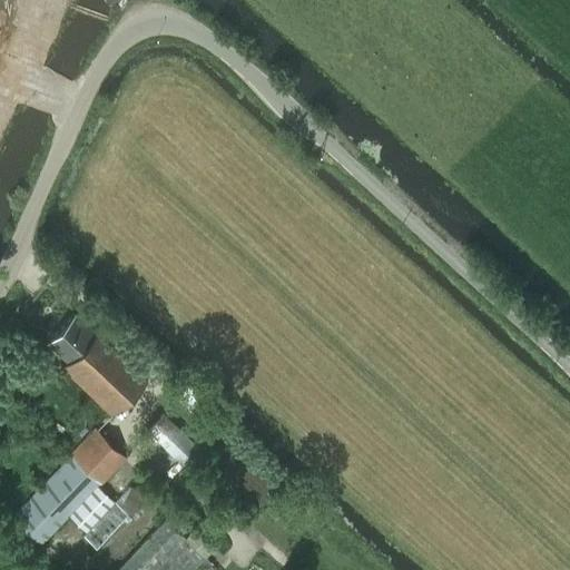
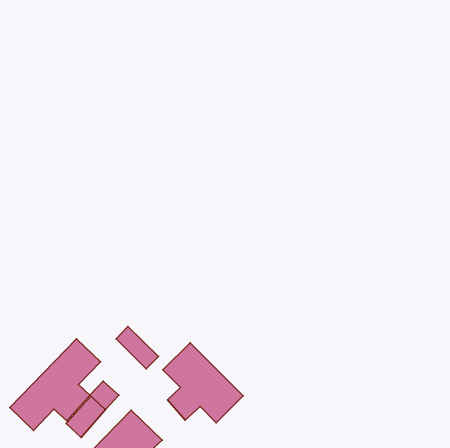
building: [48,314,146,417] -> none
building: none -> [163,343,243,423]

